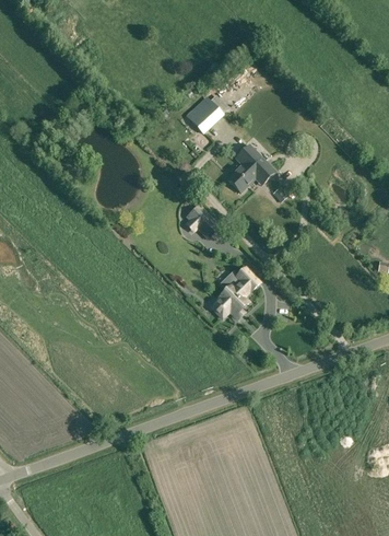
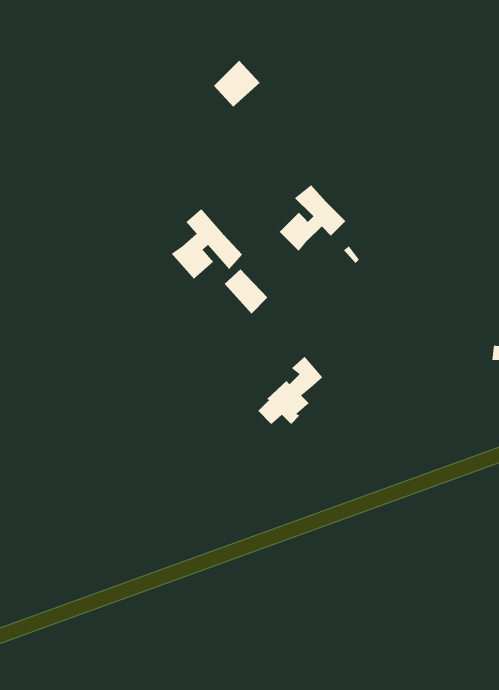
building: [188,98,222,132] -> [213,60,261,107]
building: none -> [171,208,243,279]

